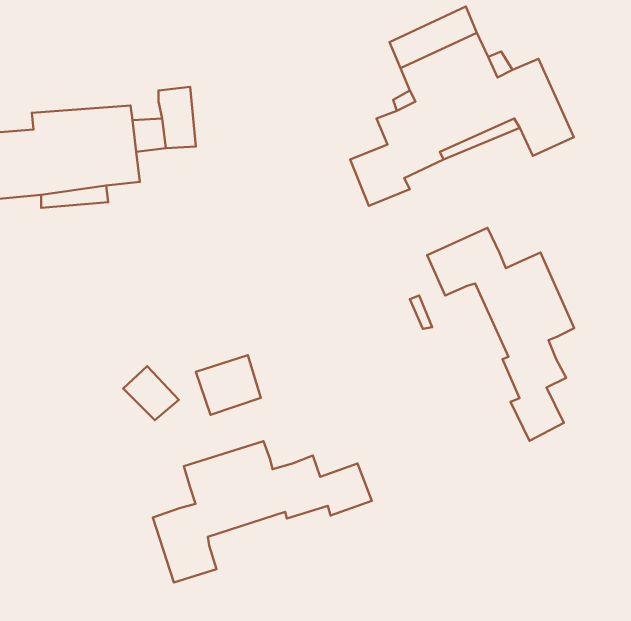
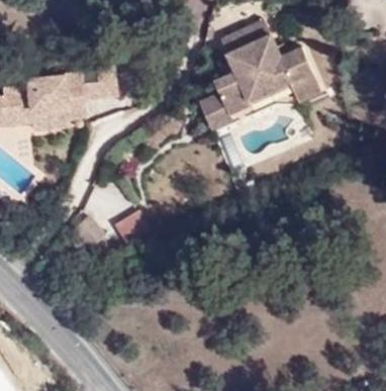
building: [427,228,574,441] -> none
building: [153,441,372,583] -> none

